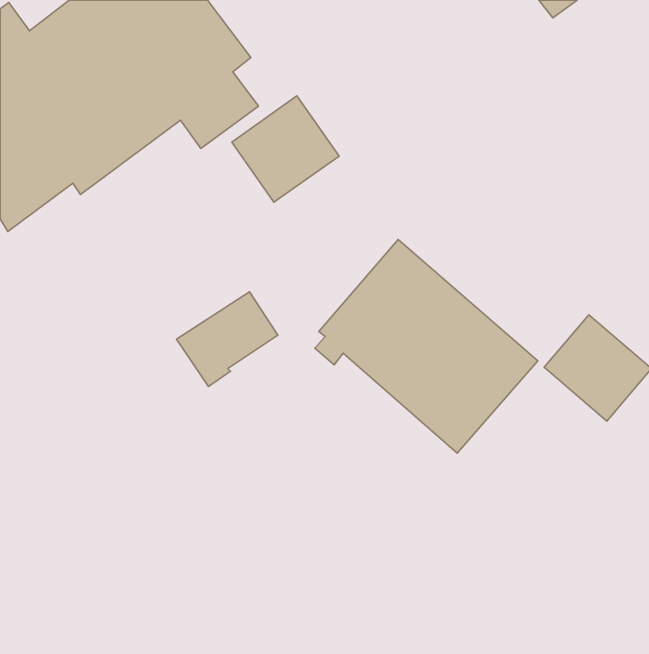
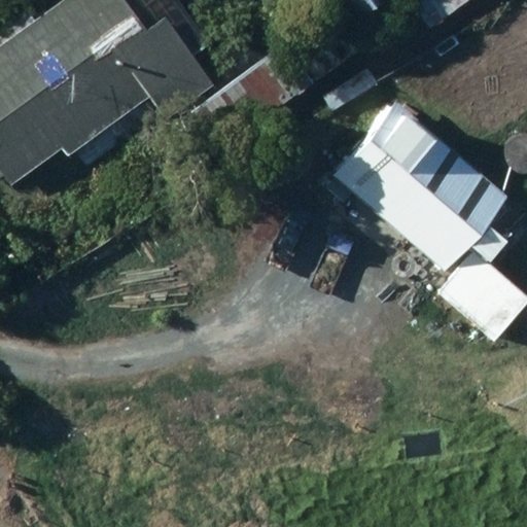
building: [315,239,538,453] -> [328,99,507,271]

